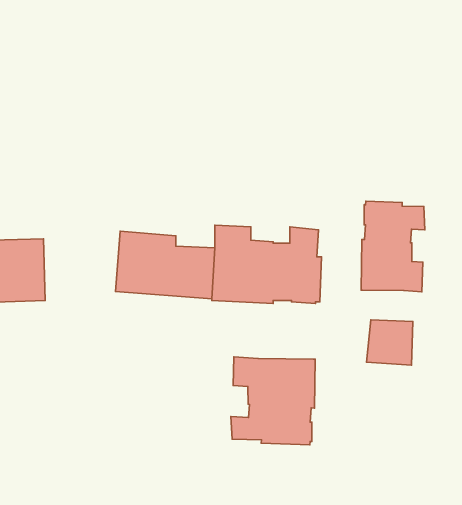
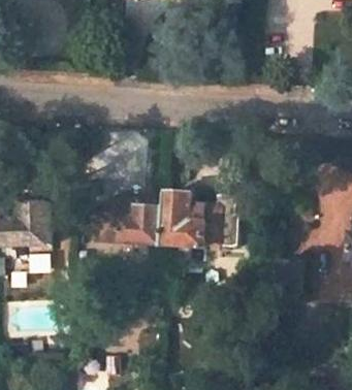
building: [361,201,425,292] -> none
building: [231,357,315,445] -> none

